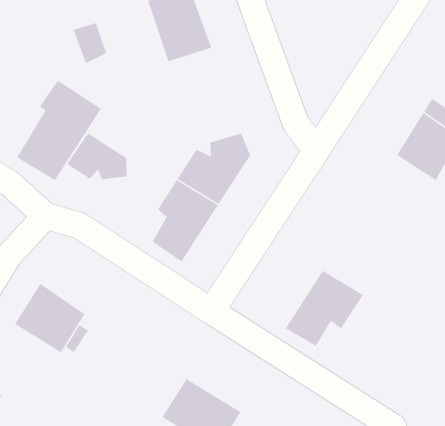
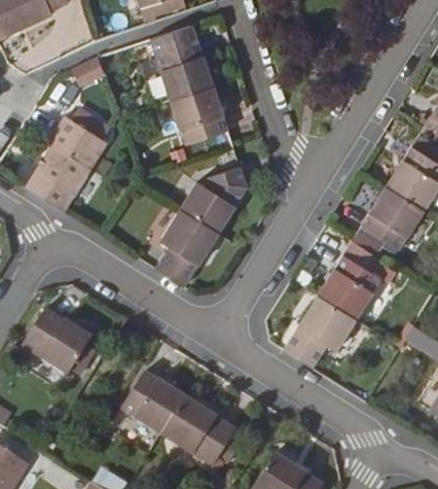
building: none -> [171,83,228,141]
building: [66,133,128,180] -> none
building: none -> [354,185,426,258]
building: none -> [318,255,381,318]
building: none -> [108,360,188,434]

